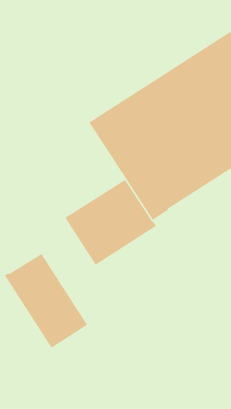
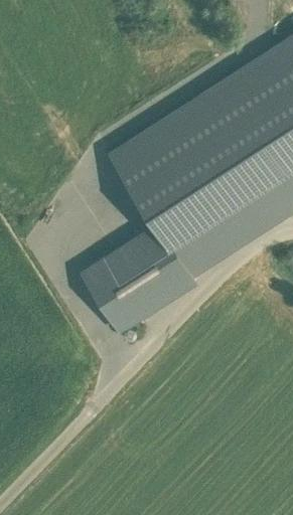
building: [4,253,88,349] -> none

